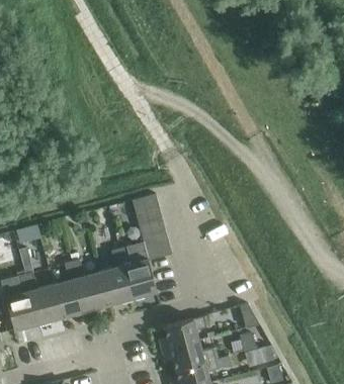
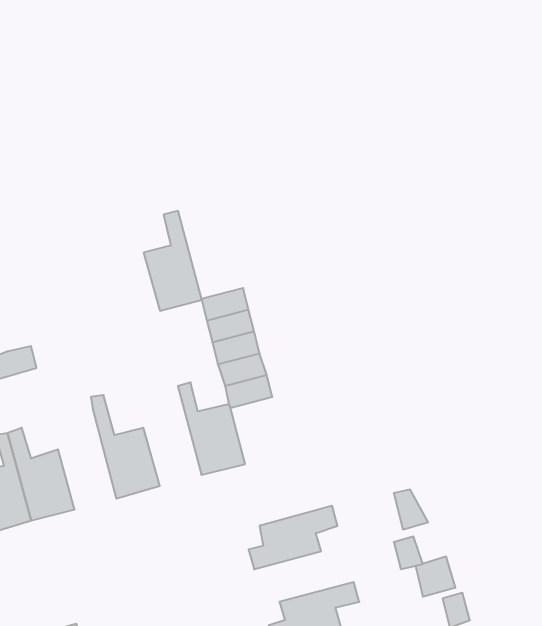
building: [100,250,133,305] -> [144,211,202,311]
building: [53,263,85,318] -> none
building: [162,342,218,370] -> none

